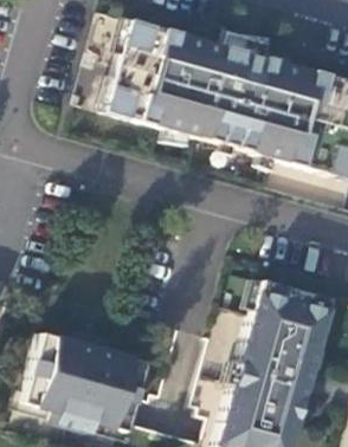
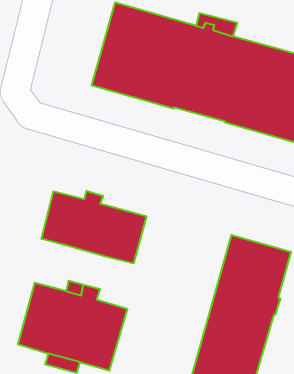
building: none -> [41,191,146,263]

